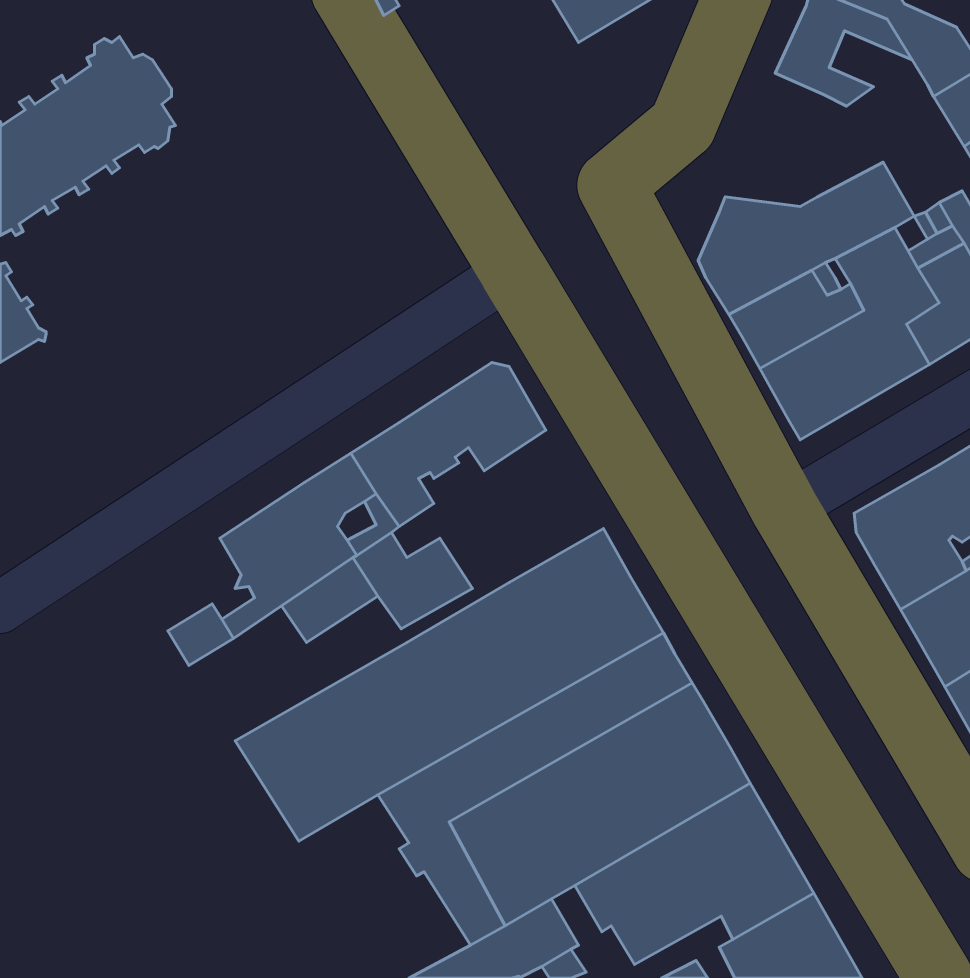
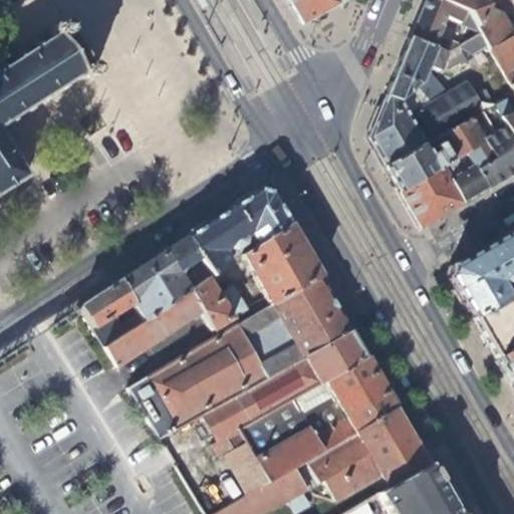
building: none -> [386,31,491,107]
building: none -> [247,224,322,303]
building: none -> [82,280,134,328]
building: none -> [106,315,168,366]

